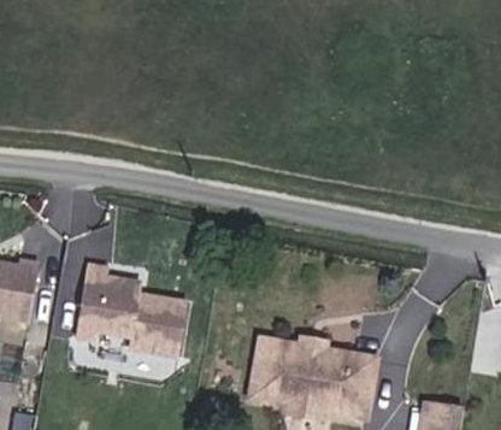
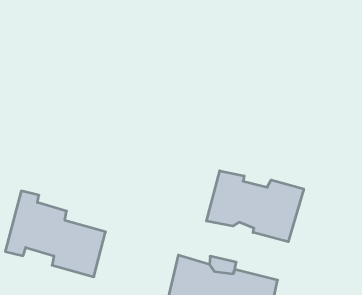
building: none -> [206,171,304,242]

